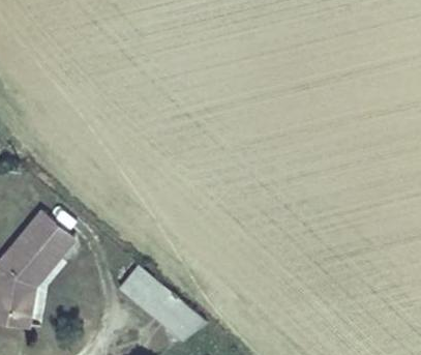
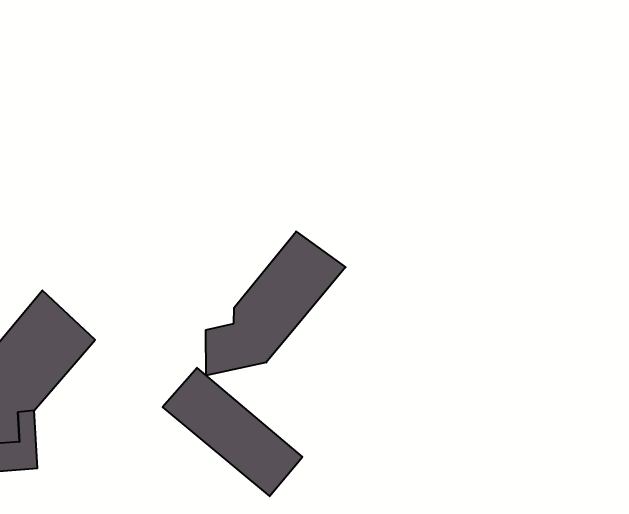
building: none -> [206,231,346,375]

